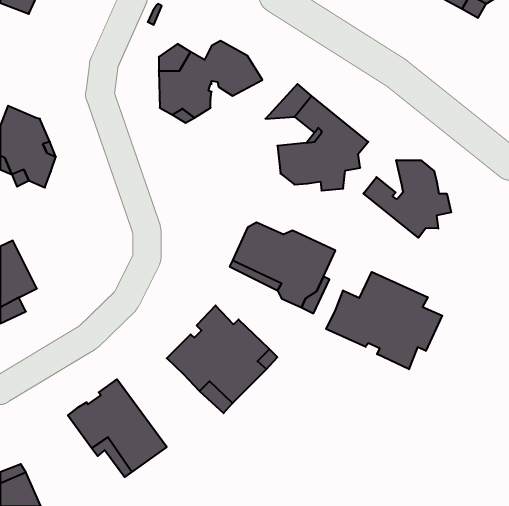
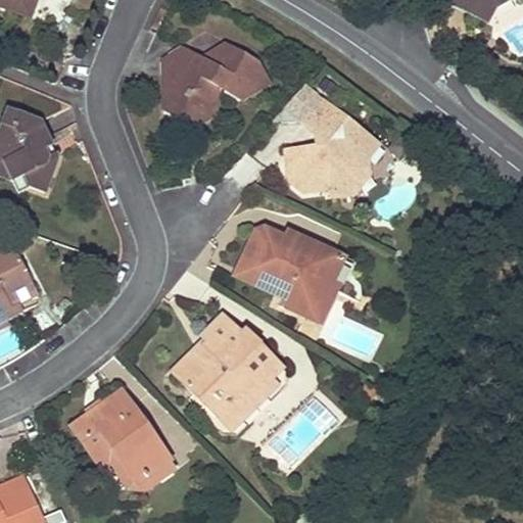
building: [363,160,451,238] -> none
building: [326,272,442,369] -> none

